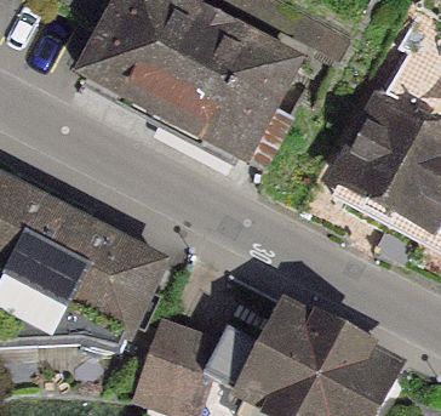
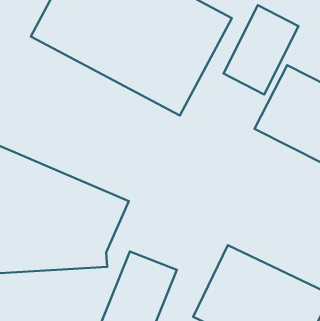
building: none -> [223,5,298,94]

